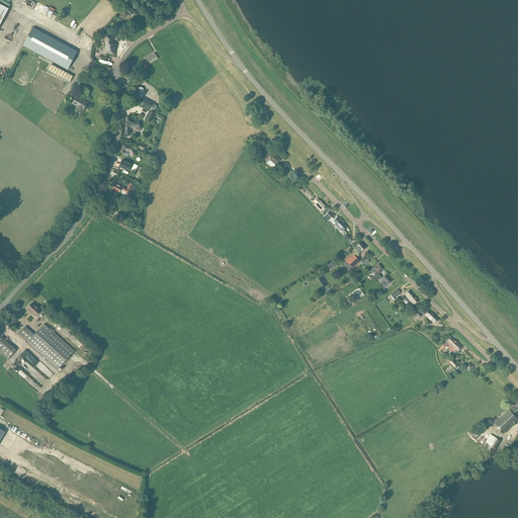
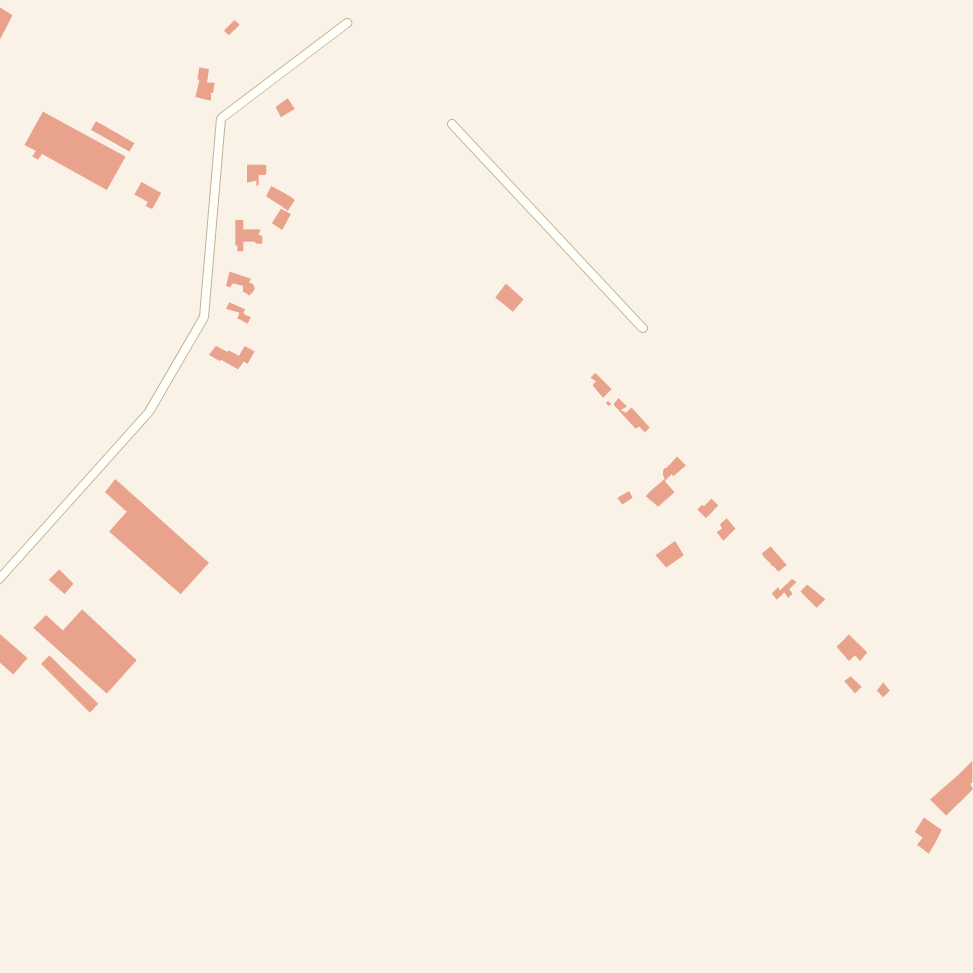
building: [21,26,76,69] -> [23,111,126,191]
building: none -> [104,478,210,595]

